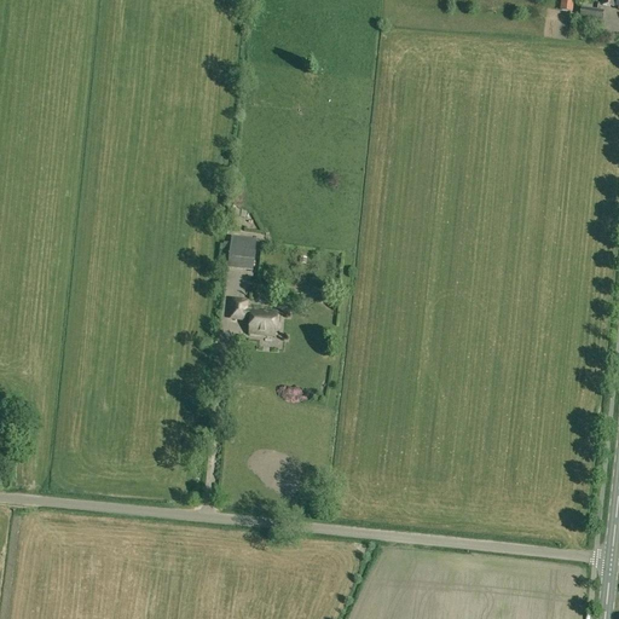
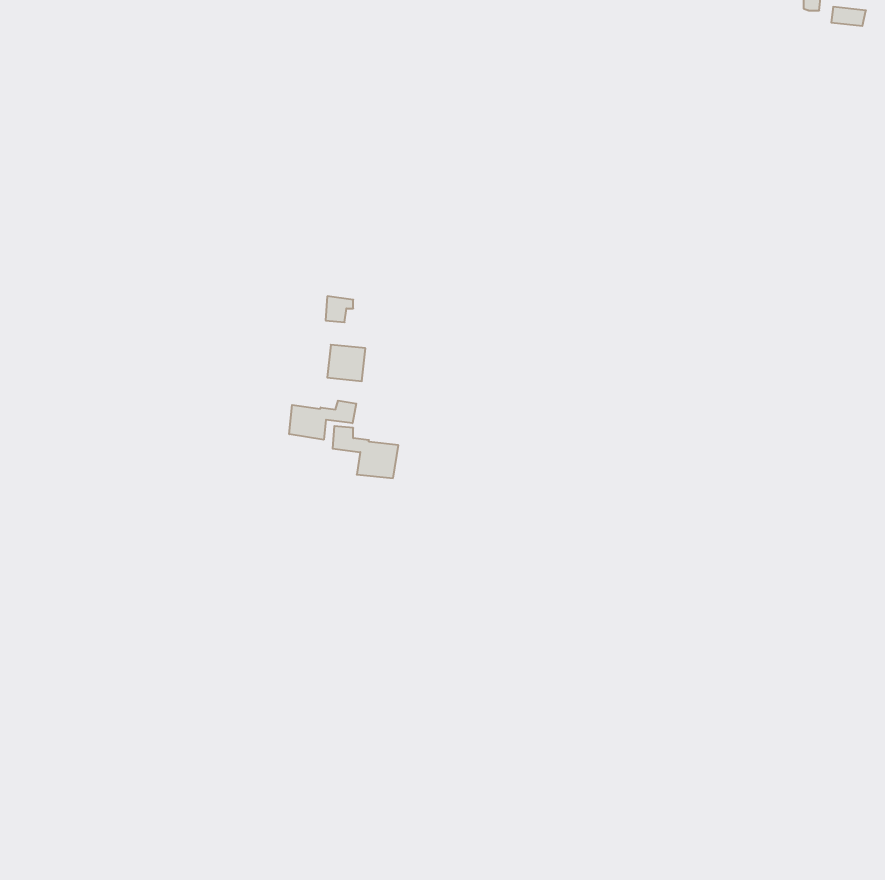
building: none -> [289,401,356,440]

